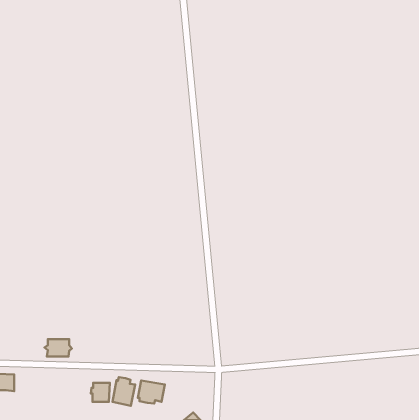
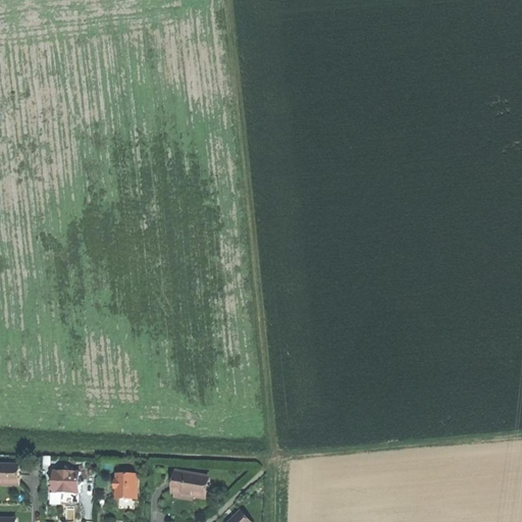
building: [44,339,72,357] -> [48,470,82,491]
building: [113,377,135,406] -> none

